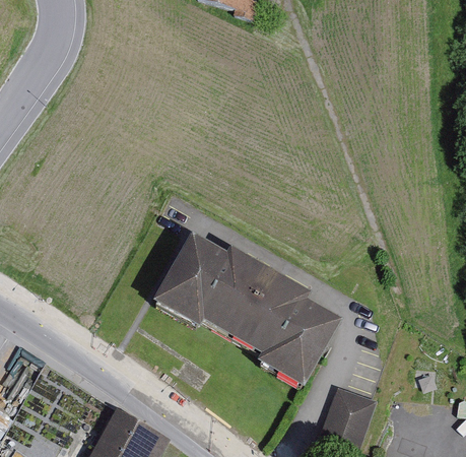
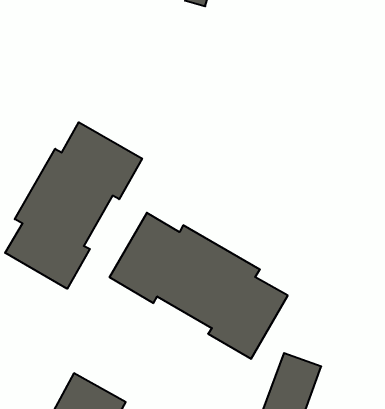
building: none -> [5,122,142,289]

